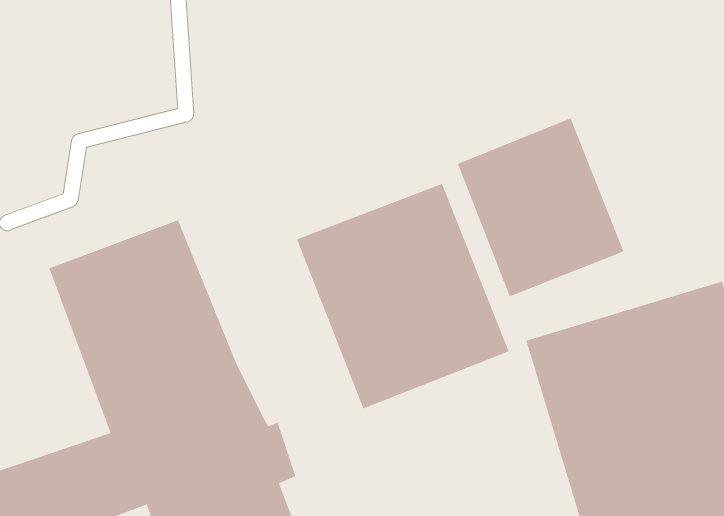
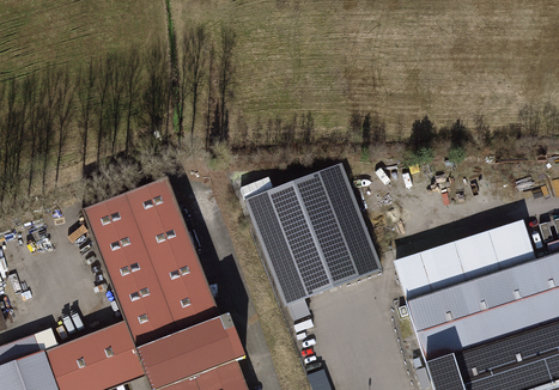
building: [457,117,624,297] -> none

